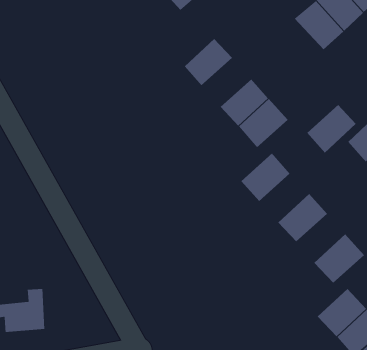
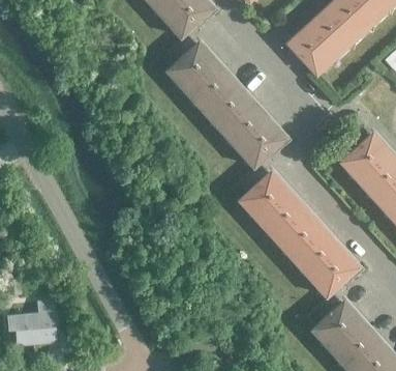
building: none -> [166,42,214,89]
building: none -> [202,81,249,127]
building: [306,104,357,153] -> [256,191,304,237]
building: none -> [292,229,338,276]

